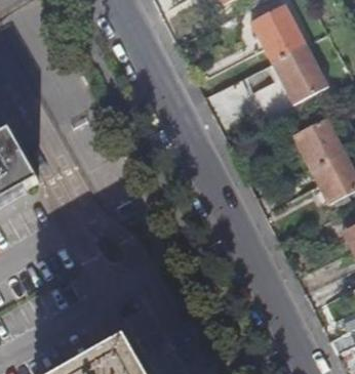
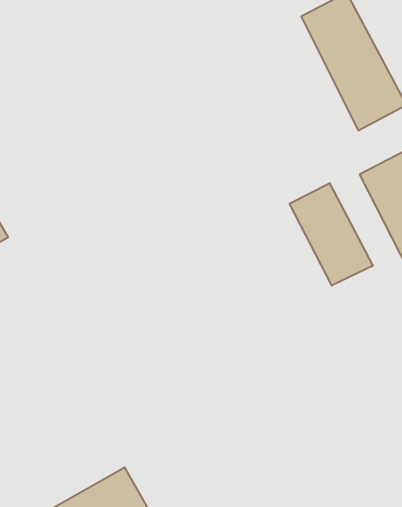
building: none -> [290,183,373,286]

